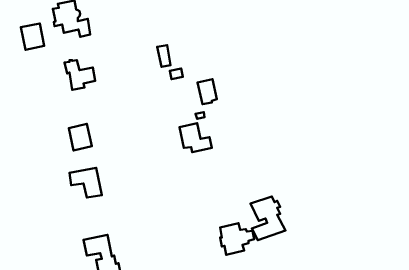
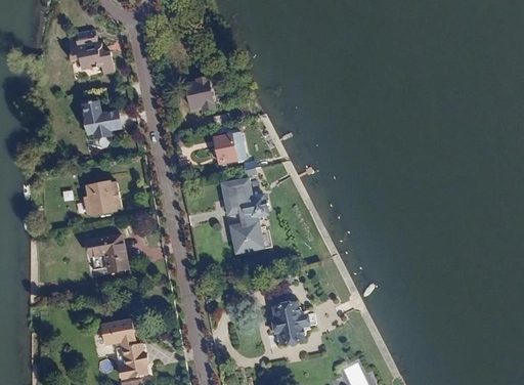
building: [21,24,44,50] -> none
building: [198,79,217,104] -> [212,133,235,164]
building: none -> [232,213,260,250]
building: [251,197,286,240] -> none

